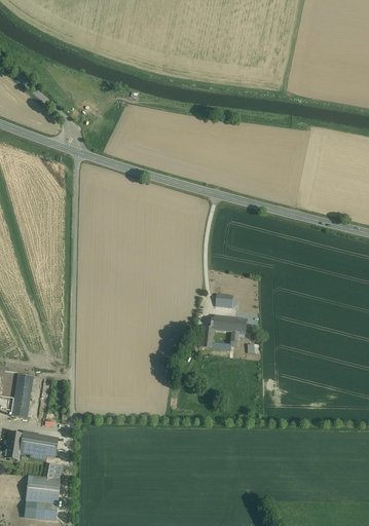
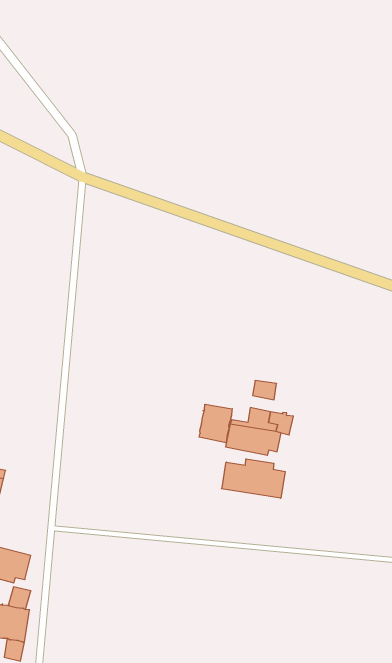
building: none -> [199,404,232,443]
building: none -> [222,459,285,498]

